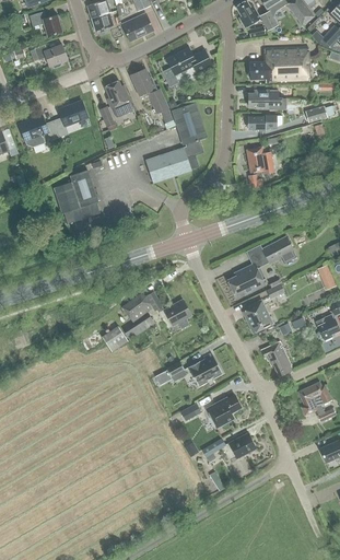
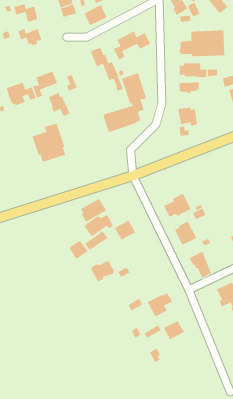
building: [104,80,133,113] -> [48,92,70,117]
building: [261,235,294,264] -> none
building: none -> [80,198,107,222]
building: [188,355,221,385] -> [90,260,115,282]

